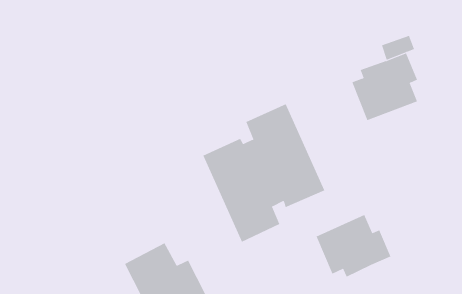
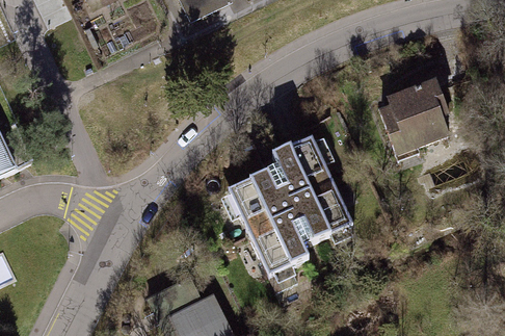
building: [316,214,391,277] -> none

